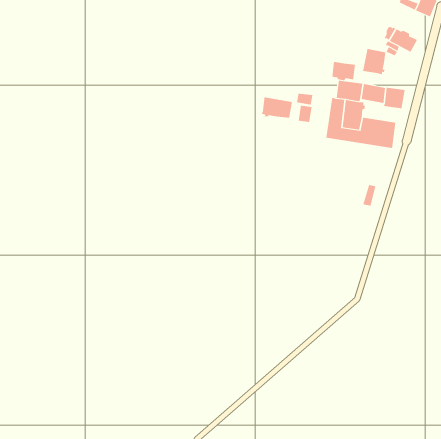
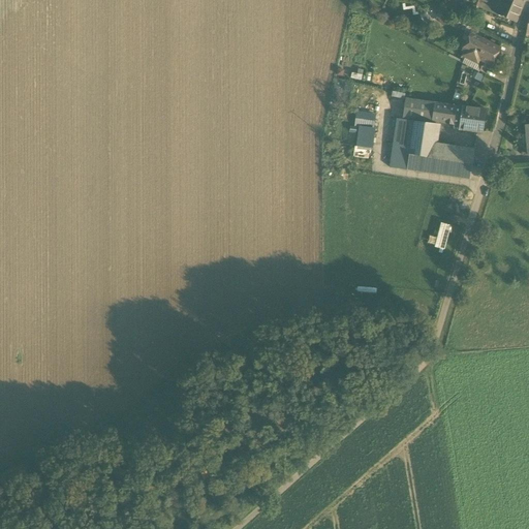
building: [362,48,386,75] -> none
building: [331,61,356,81] -> none
building: [261,96,292,119] -> none

